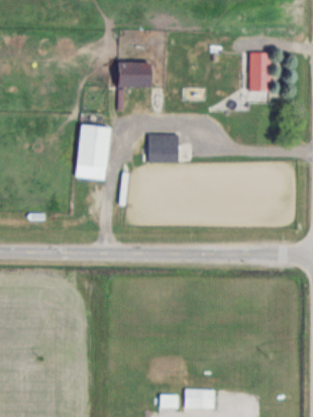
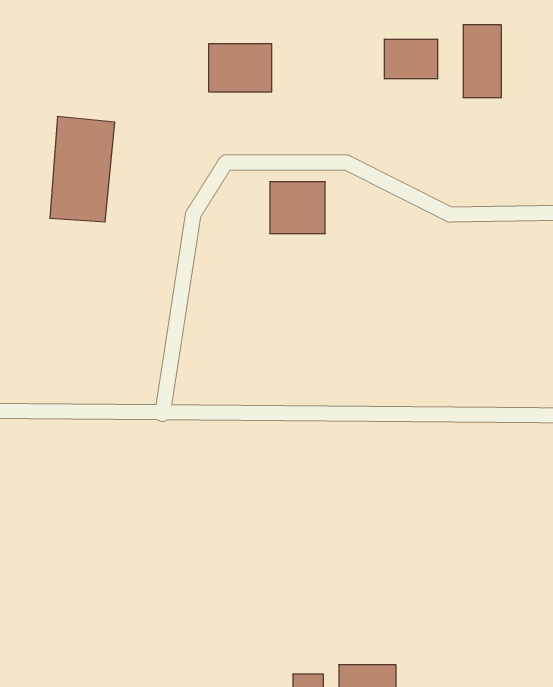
building: none -> [384,39,437,79]
building: [76,124,110,180] -> [50,117,115,222]

